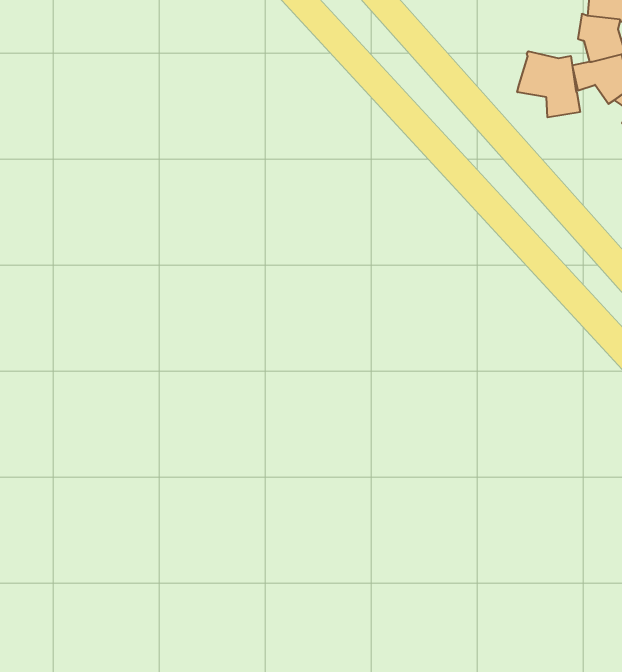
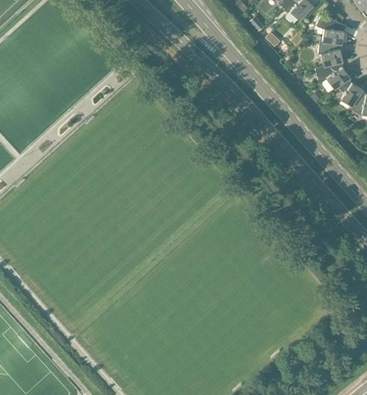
building: [517,51,580,117] -> none

